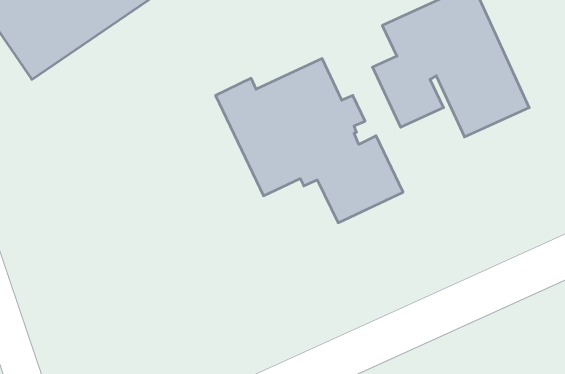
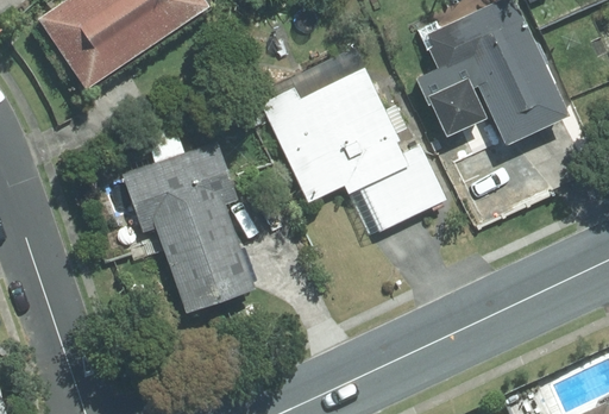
building: none -> [119,132,253,313]

